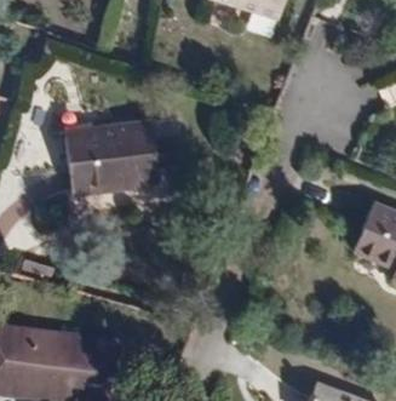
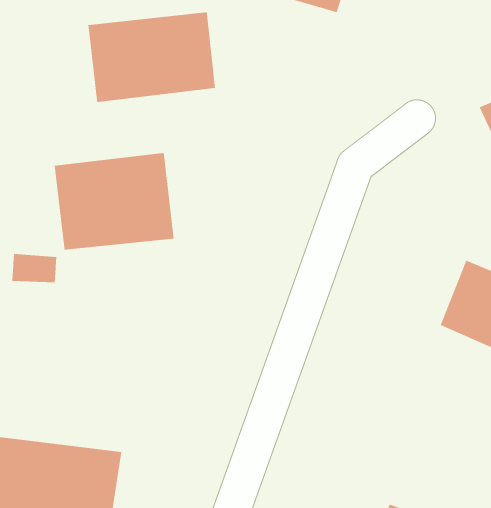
building: none -> [88,11,216,103]

